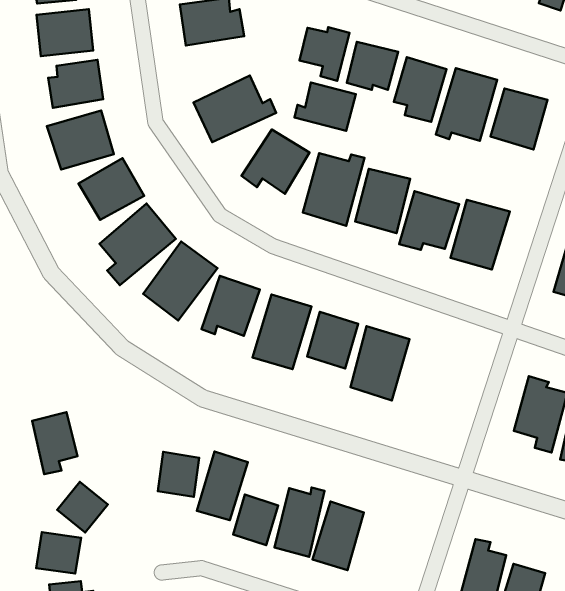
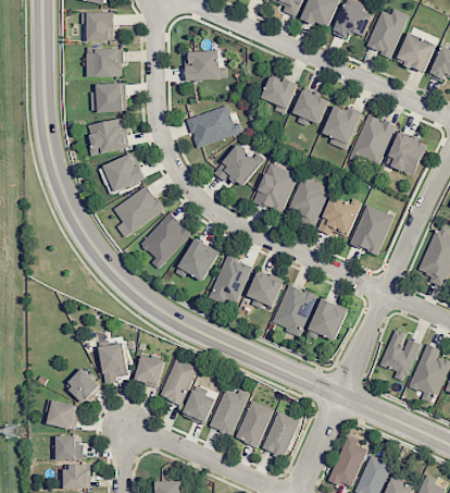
building: [294,82,356,131] -> none
building: none -> [311,298,347,338]
building: [32,412,78,474] -> [100,343,128,383]
building: none -> [264,411,298,456]

